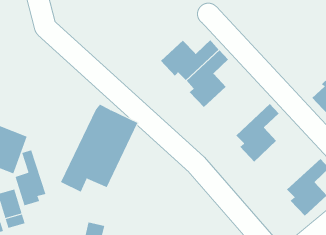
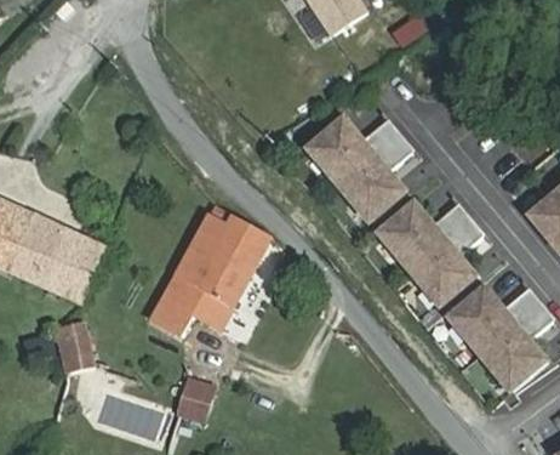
building: none -> [378,201,467,263]
building: none -> [448,286,537,347]
building: [15,150,46,206] -> none

